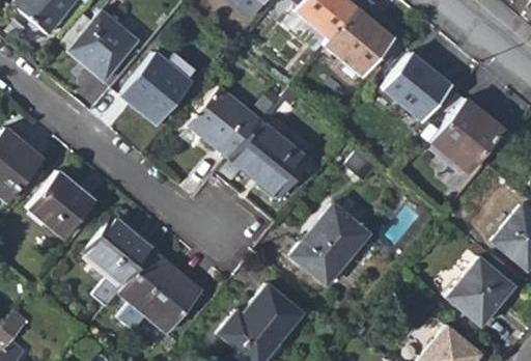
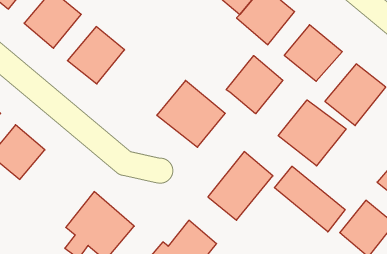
building: [187,86,262,160] -> none
building: none -> [226,56,283,114]
building: none -> [278,100,346,166]
building: [87,218,153,305] -> none
building: none -> [274,166,345,232]

